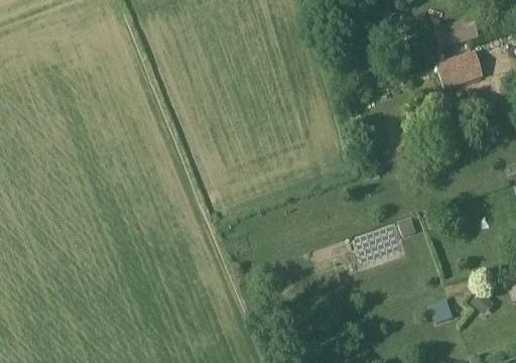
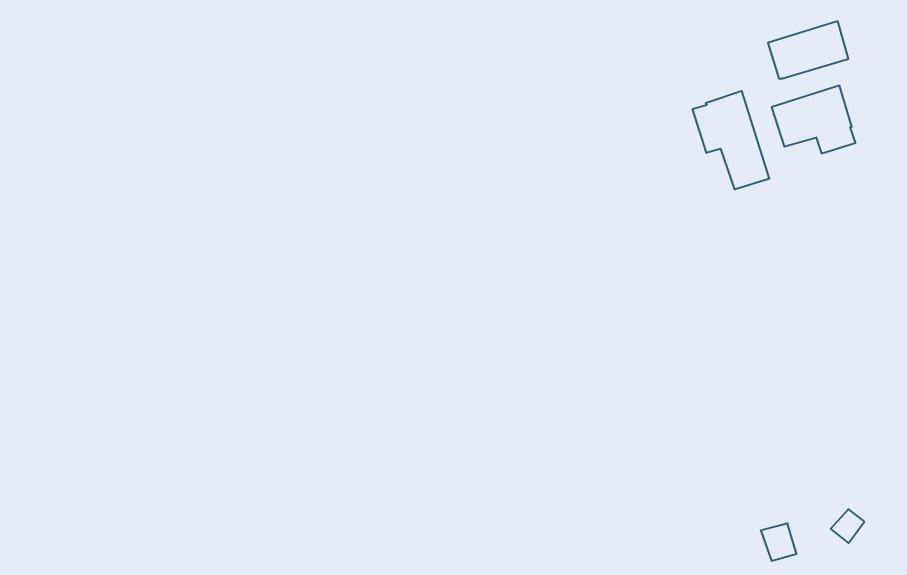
building: none -> [693,91,769,189]

